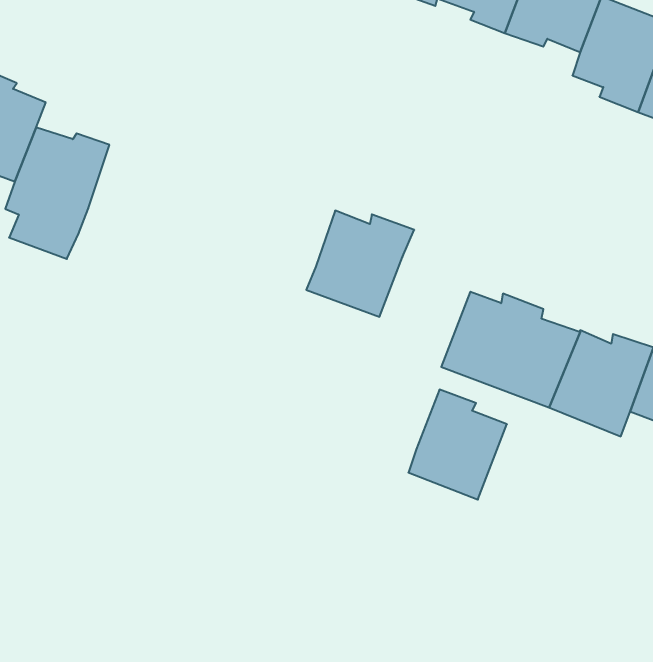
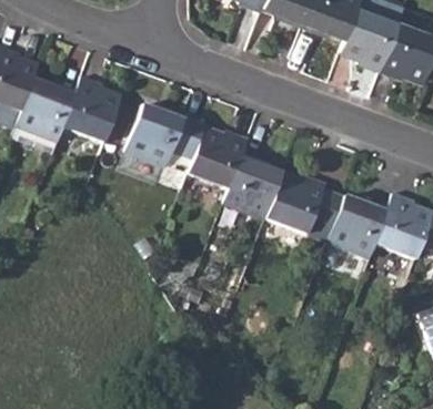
building: none -> [63,76,122,143]
building: none -> [127,105,208,166]
building: [408,390,507,500] -> [226,155,283,218]

